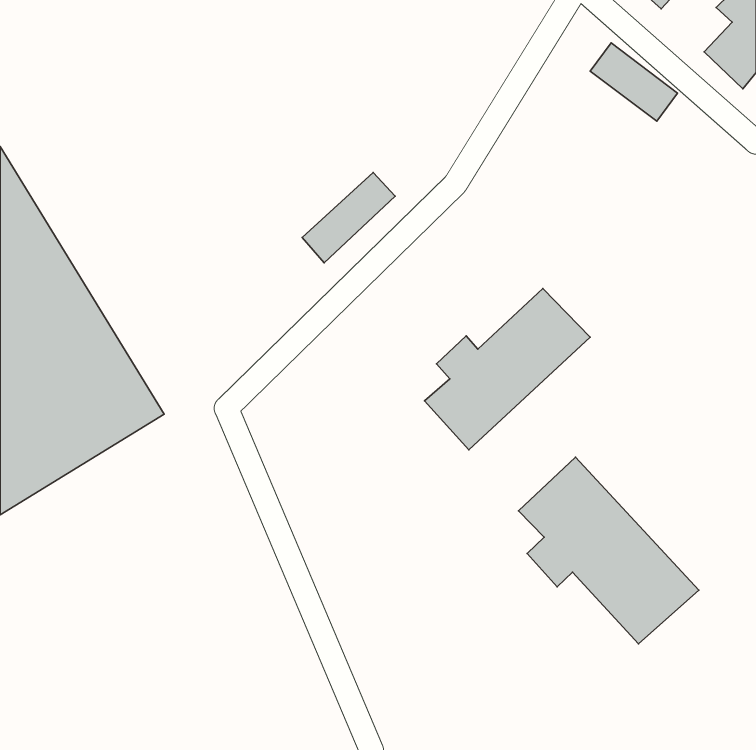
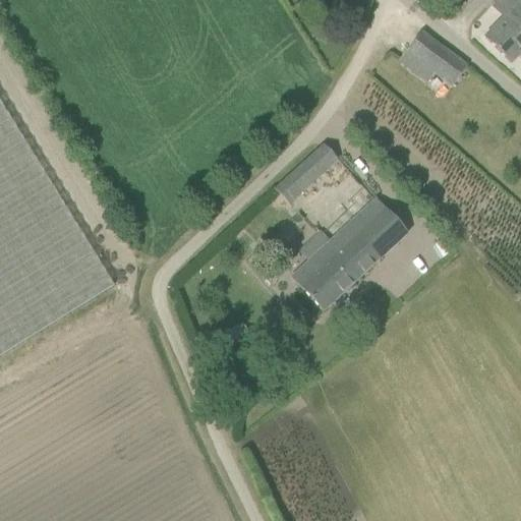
building: [302,173,395,263] -> [273,140,337,202]
building: [519,457,699,644] -> none

